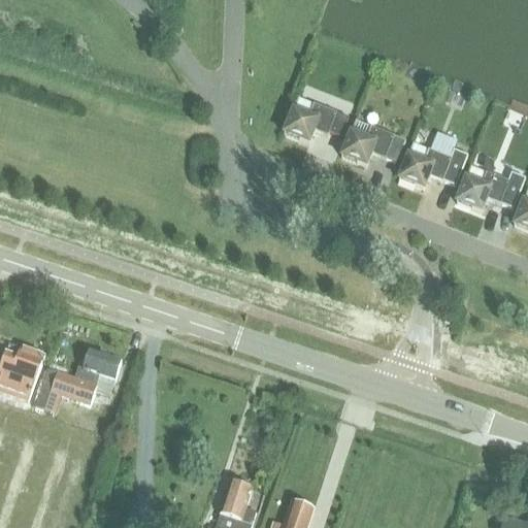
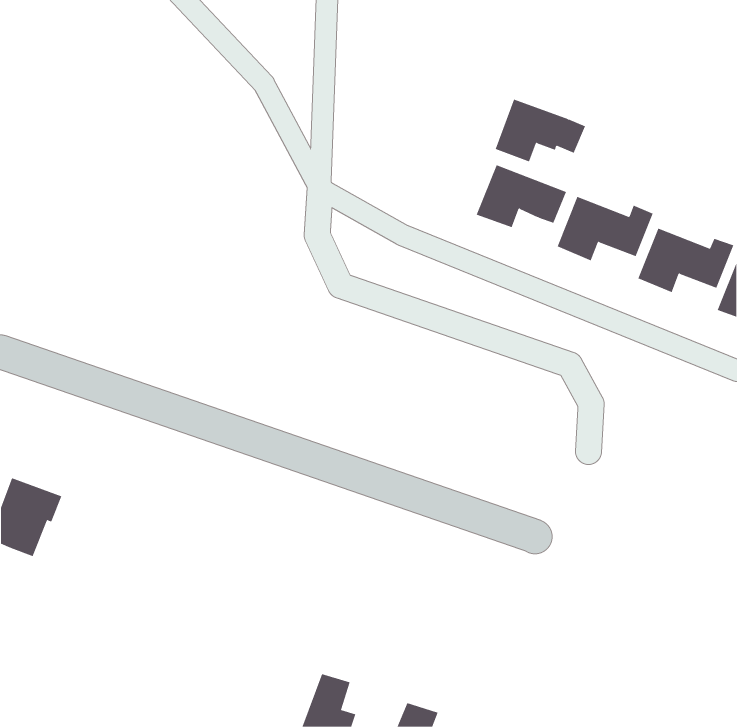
building: [284,95,349,140] -> [495,99,586,162]
building: [35,351,121,410] -> none

